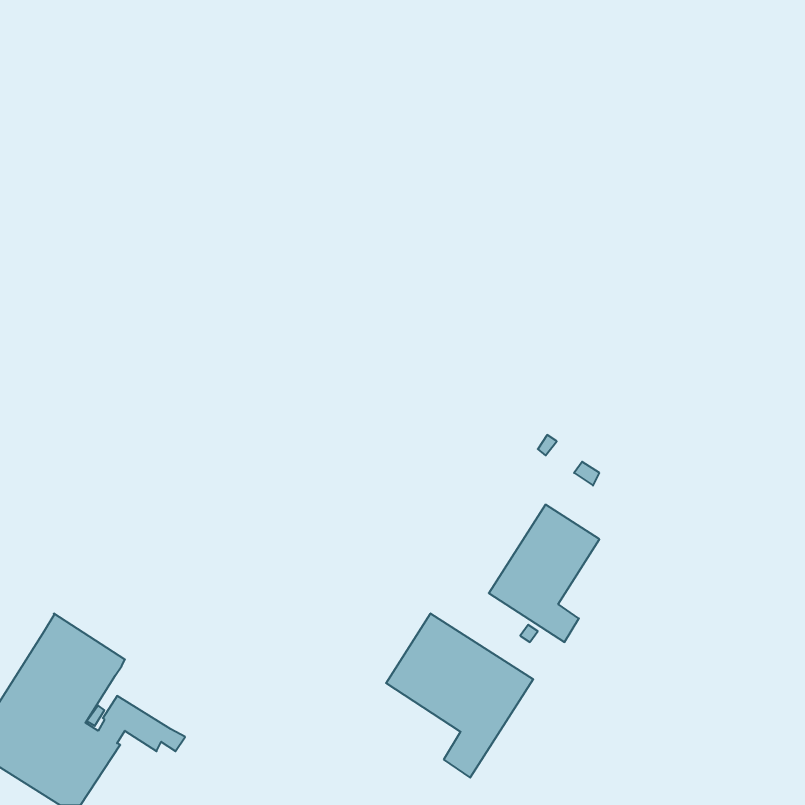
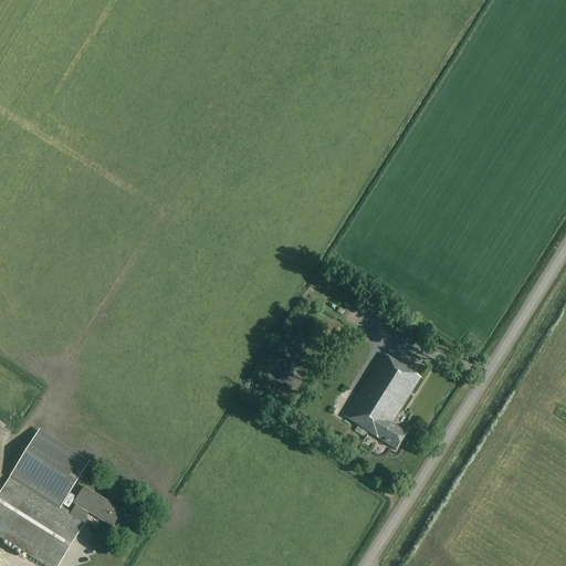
building: [386,613,533,778] -> none

